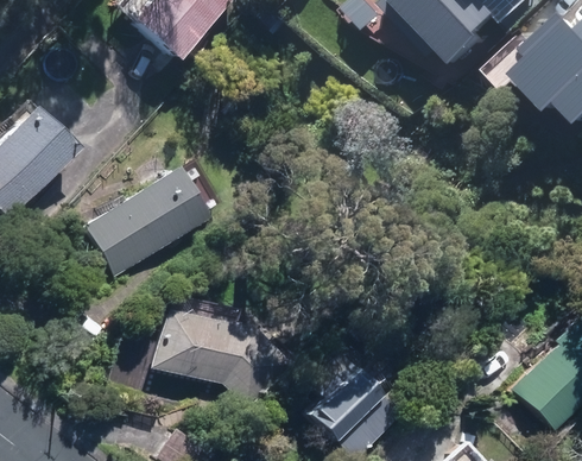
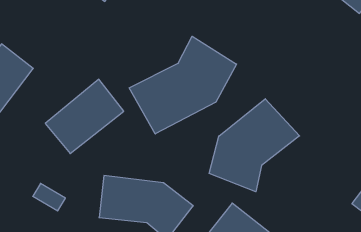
building: none -> [129,36,237,134]
building: none -> [209,99,300,192]

